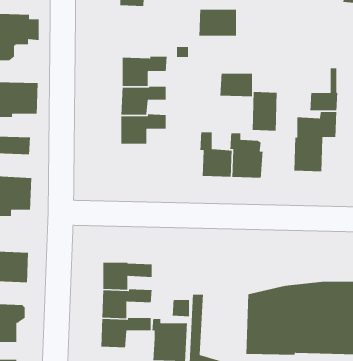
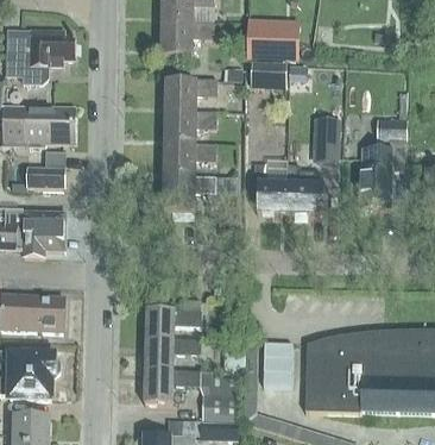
building: none -> [163,20,213,55]
building: [220,73,253,97] -> [250,59,286,87]
building: none -> [164,175,215,209]
building: none -> [263,341,291,384]

